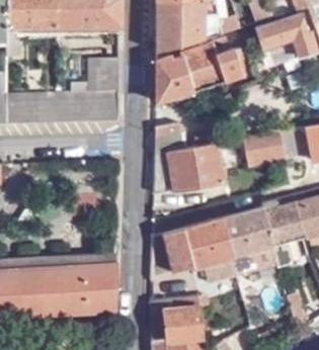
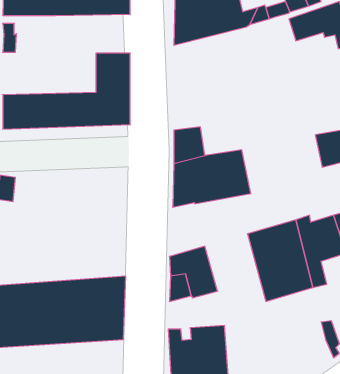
building: [156,38,244,102] -> none
building: [244,130,287,167] -> none
building: [183,217,237,287] -> none

